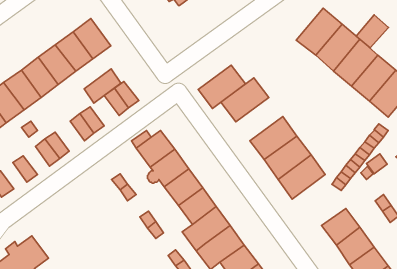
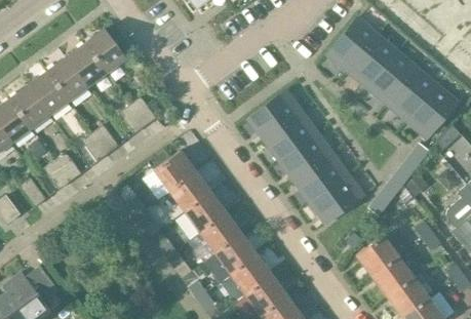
building: [356,15,389,48] -> none
building: [198,65,245,108] -> [263,115,314,162]
building: [84,69,121,103] -> none

